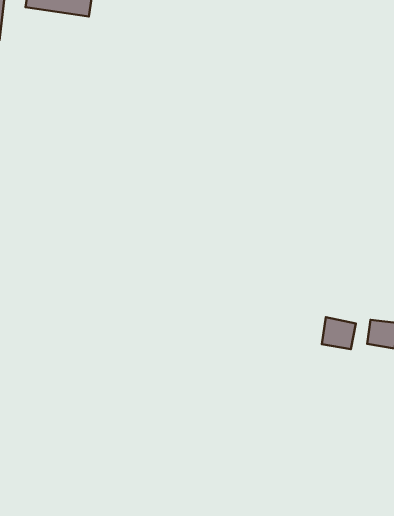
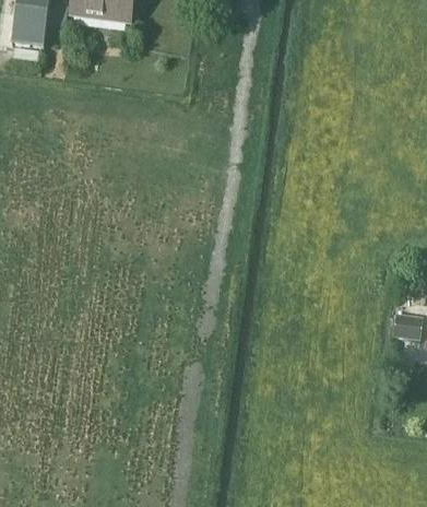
building: [322,317,356,349] -> none

